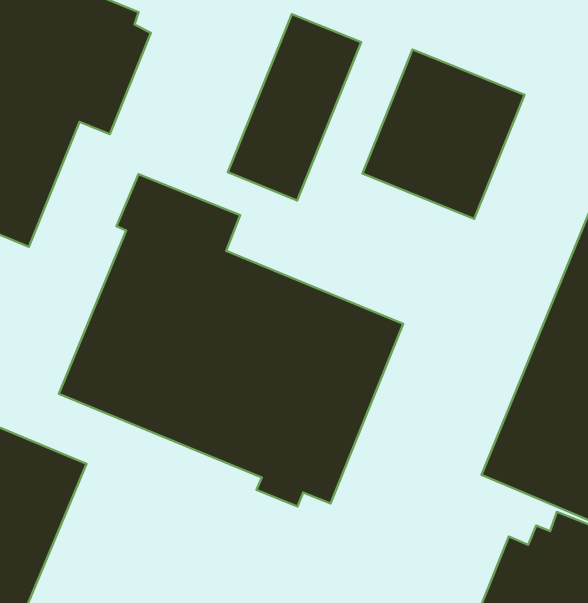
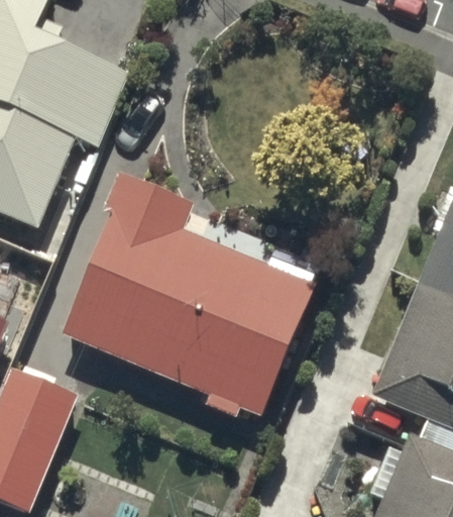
building: [228,14,361,200] -> none
building: [362,50,524,219] -> none

